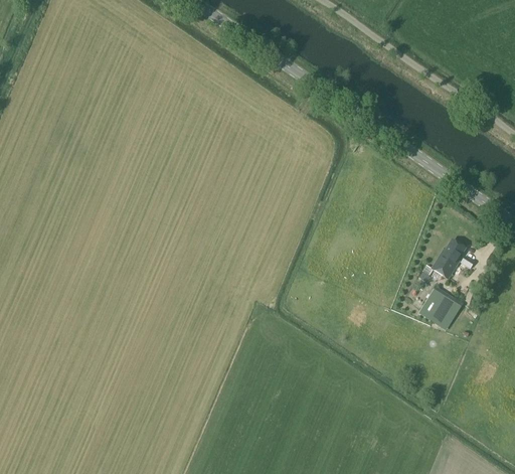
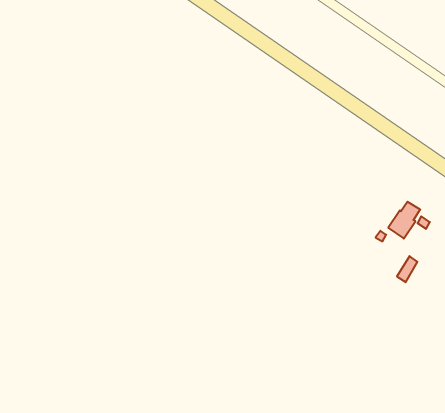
building: [419,287,449,319] -> none

